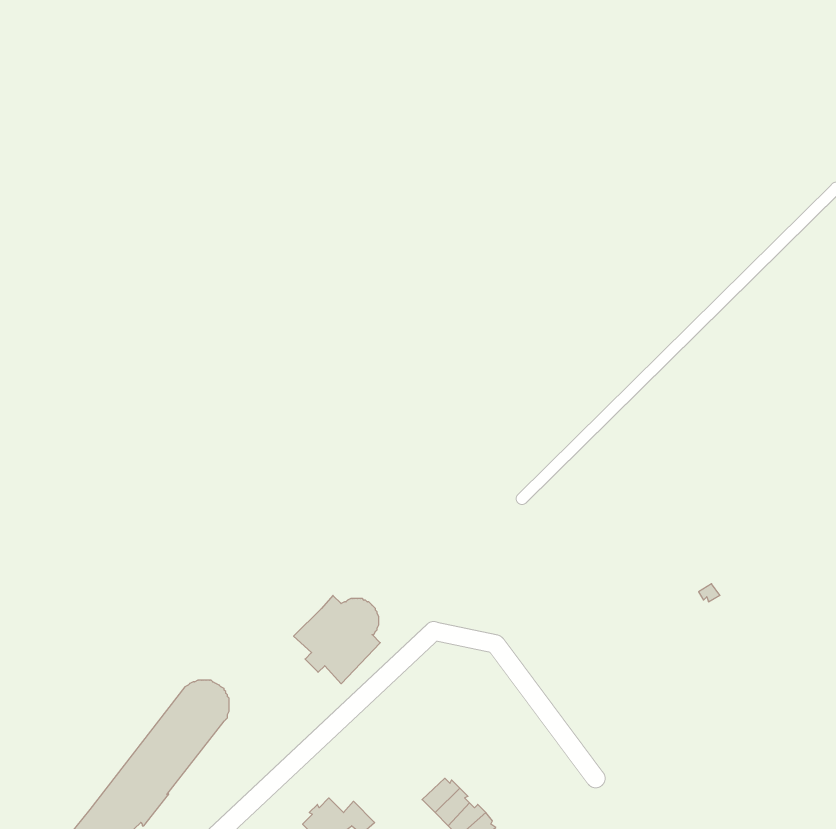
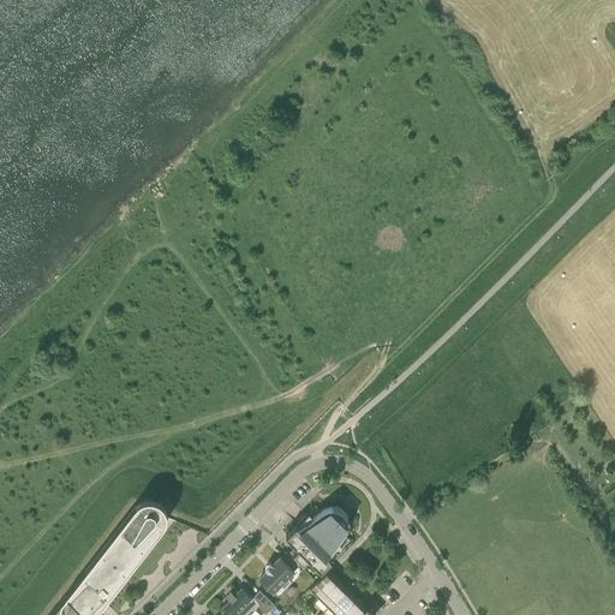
building: [294,595,380,684] -> [286,509,350,574]
building: none -> [259,560,299,596]

